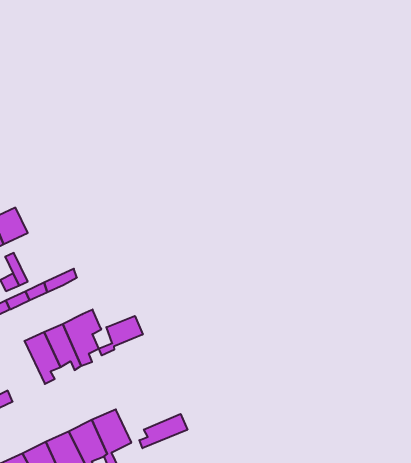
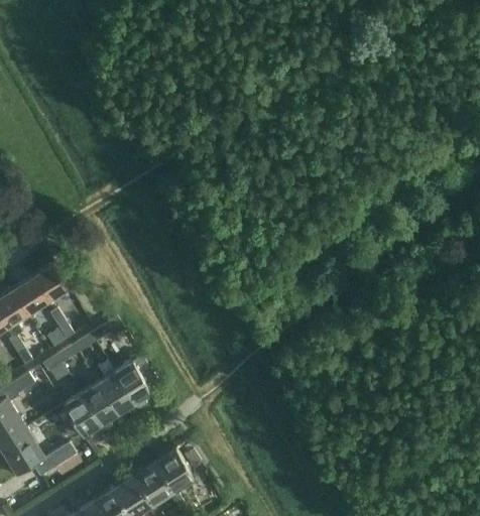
building: [99,316,143,355] -> none
building: none -> [62,393,103,436]
building: [139,414,187,448] -> none

